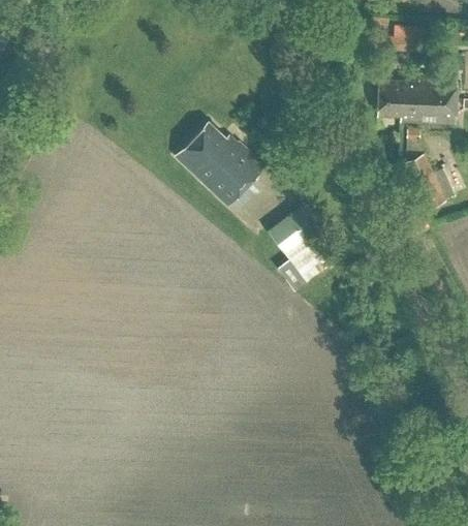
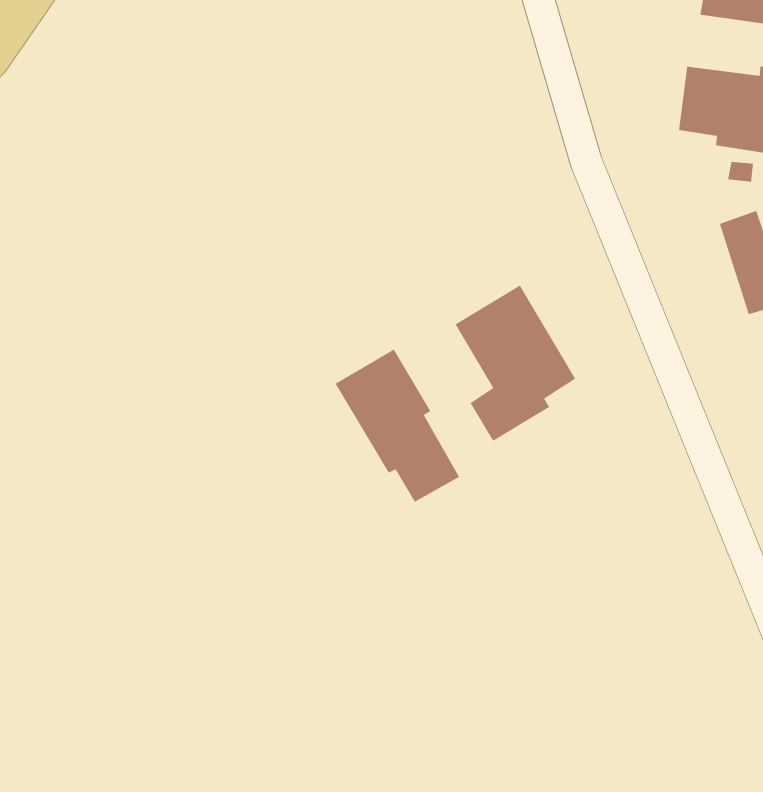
building: [177,122,266,206] -> none
building: none -> [334,349,460,503]

